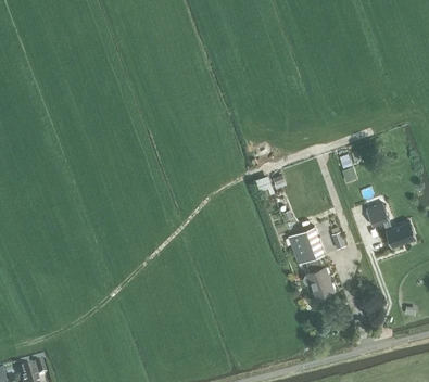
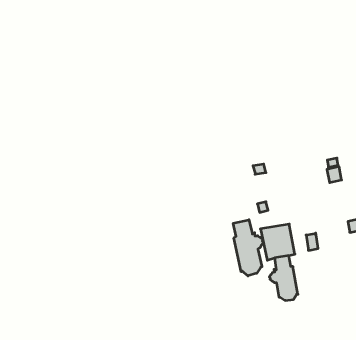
building: none -> [233,220,263,276]

